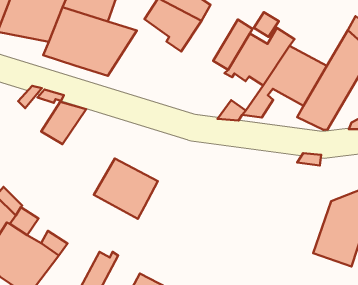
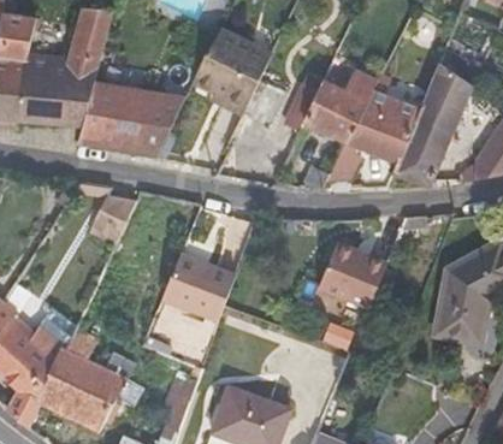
building: none -> [319,241,386,306]

